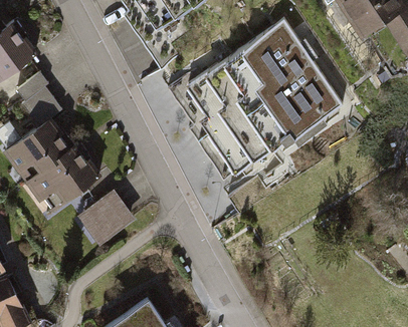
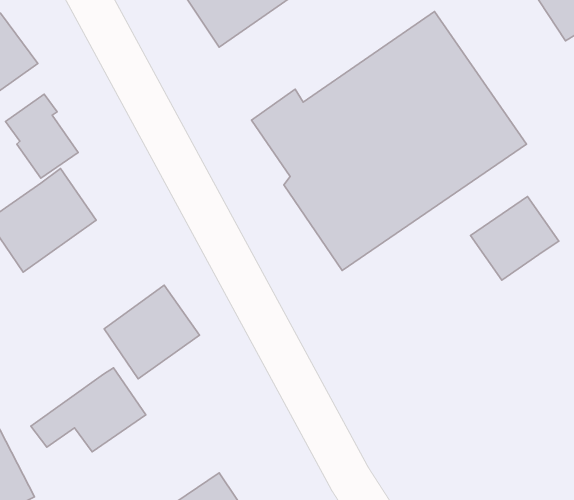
building: none -> [470,197,559,280]
building: [27,145,98,198] -> [31,368,146,452]

